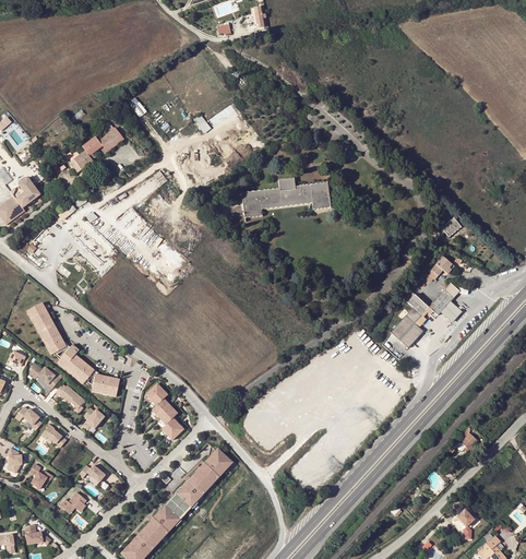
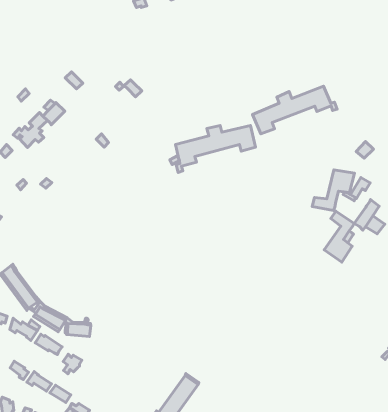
building: none -> [252,86,337,134]
building: none -> [312,170,354,211]
building: [148,381,187,437] -> none

